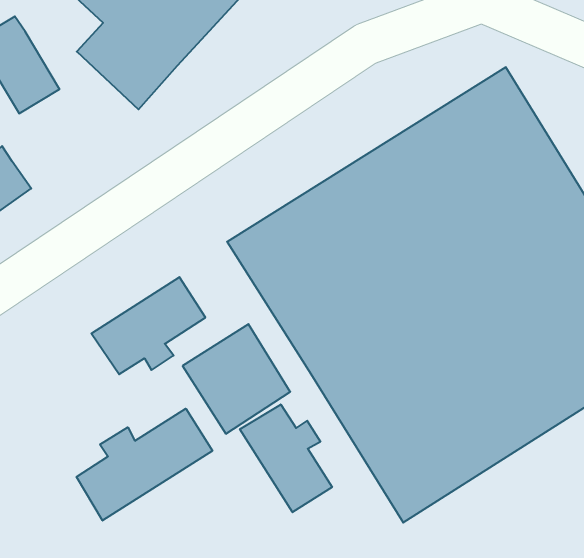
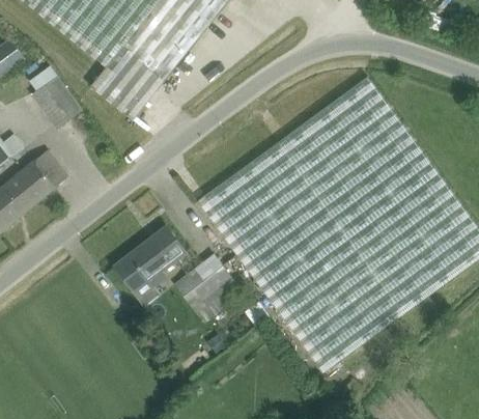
building: [240,404,332,512] -> none
building: [77,409,212,521] -> none

